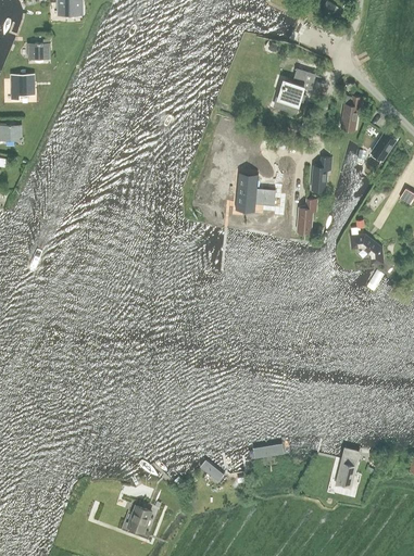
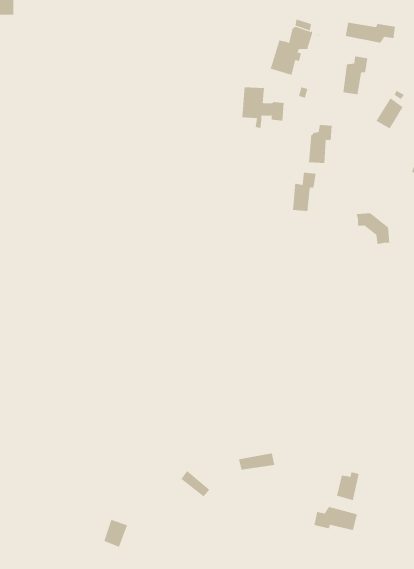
building: none -> [345,22,396,43]
building: [236,176,274,213] -> [241,87,284,128]
building: none -> [314,506,357,531]

